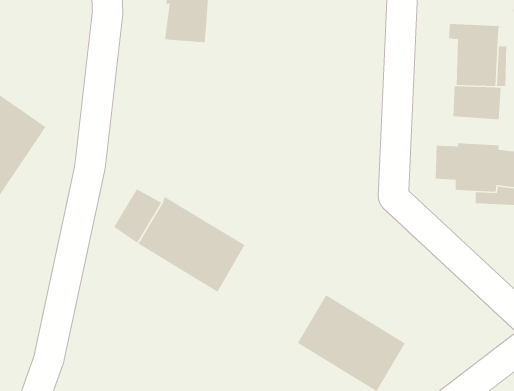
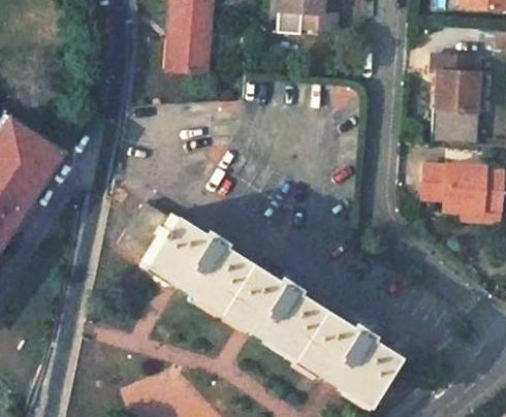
building: none -> [218,262,318,353]

